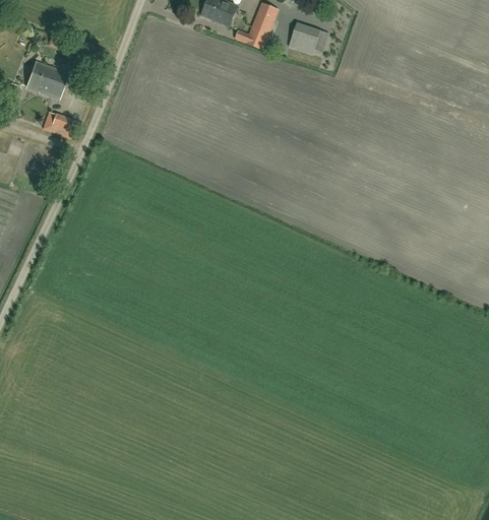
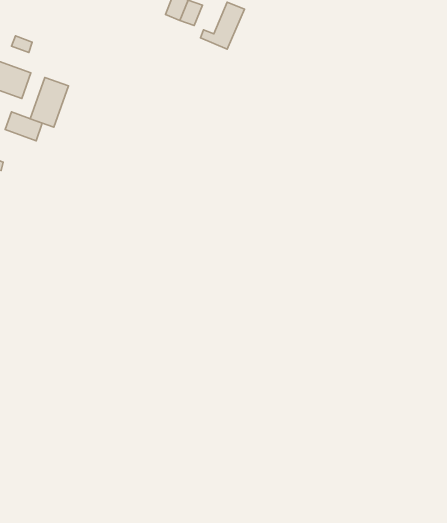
building: [288,22,328,56] -> none
building: none -> [30,78,68,127]

